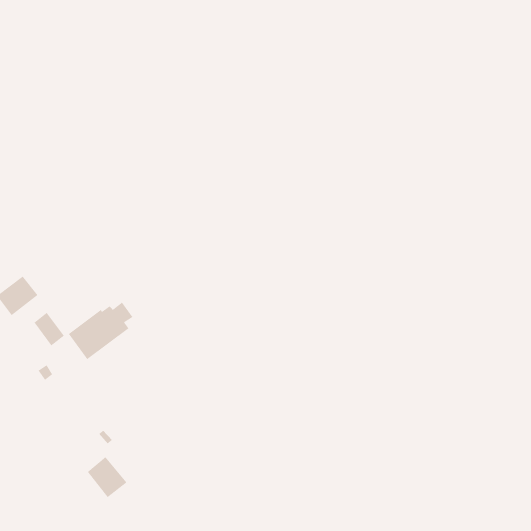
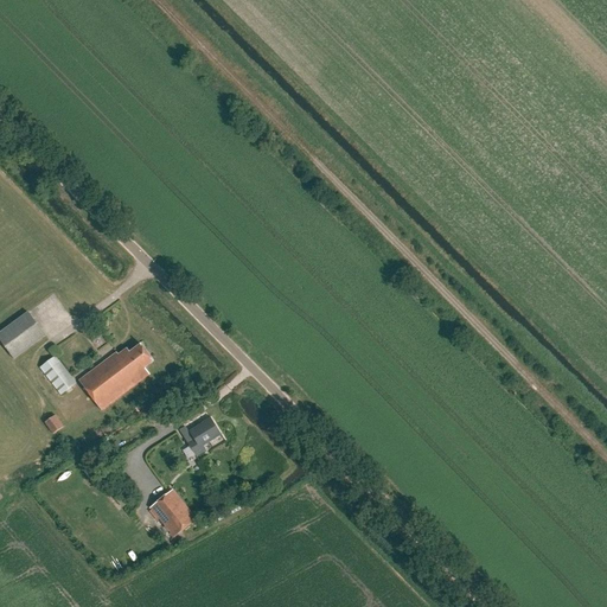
building: none -> [186,416,222,454]
building: [87,456,127,498] -> [148,488,194,536]

